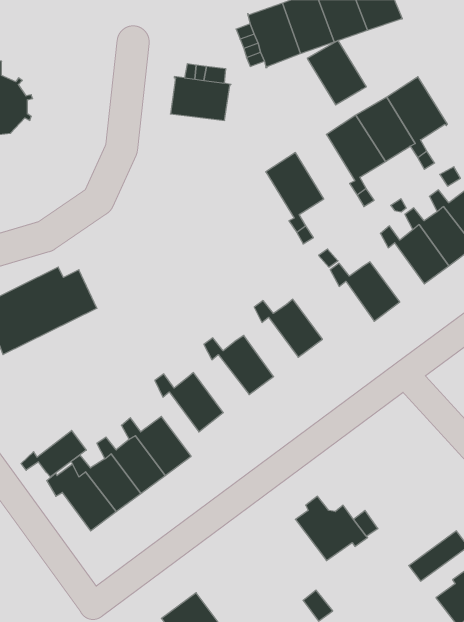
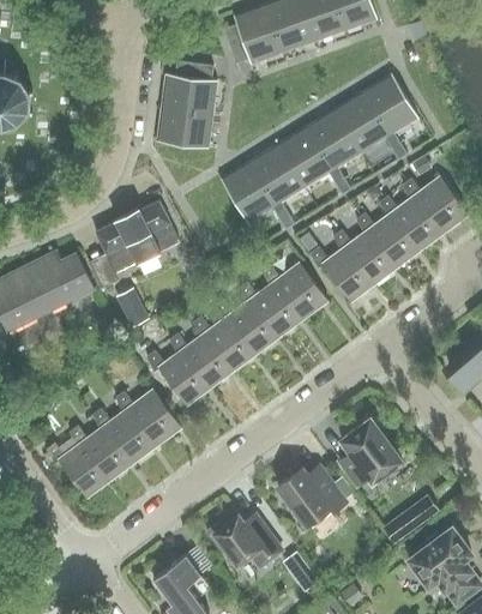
building: [307,40,366,105] -> [277,127,332,187]
building: none -> [155,108,211,149]
building: none -> [219,162,276,224]
building: none -> [95,200,179,272]
building: none -> [332,228,397,283]
building: none -> [261,263,326,318]
building: none -> [115,287,149,327]
building: none -> [215,297,279,353]
building: none -> [169,332,234,386]
building: [21,430,86,477] -> none
building: none -> [338,417,400,484]
building: none -> [206,516,282,567]

